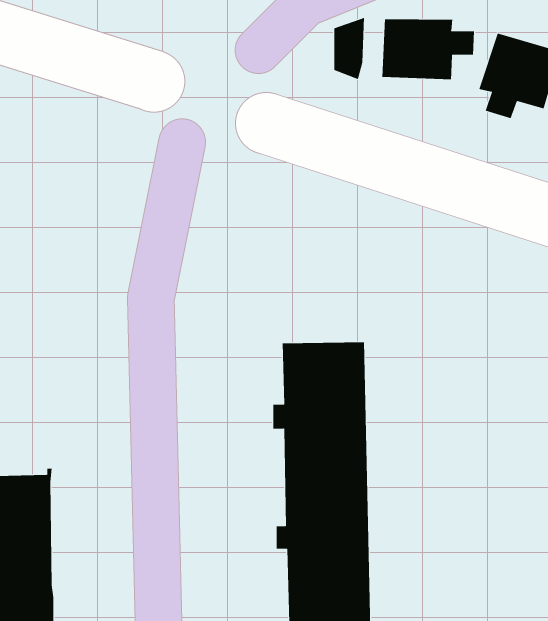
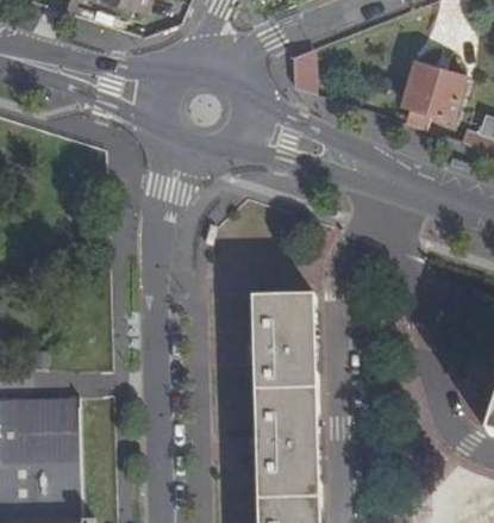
building: [382,19,475,80] -> none

